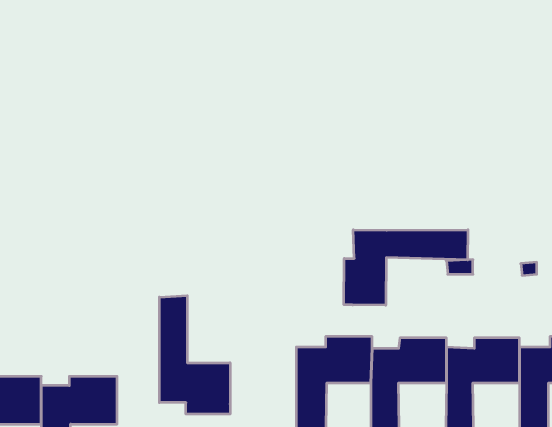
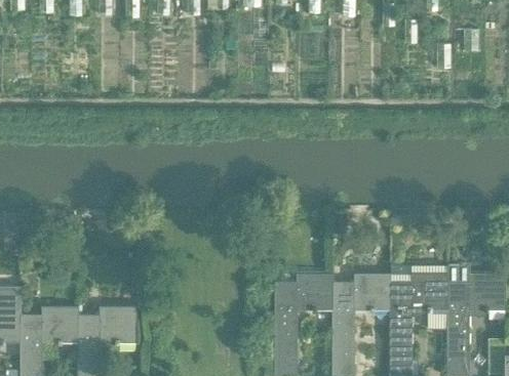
building: [344,230,468,305] -> none
building: [159,296,230,414] -> none

